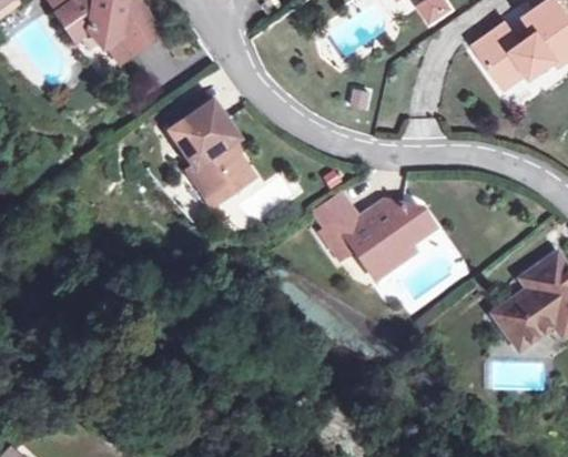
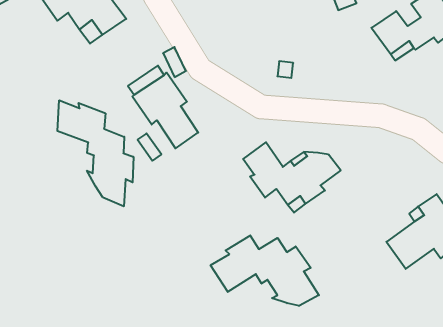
building: none -> [57,100,133,206]
building: none -> [211,235,319,306]

